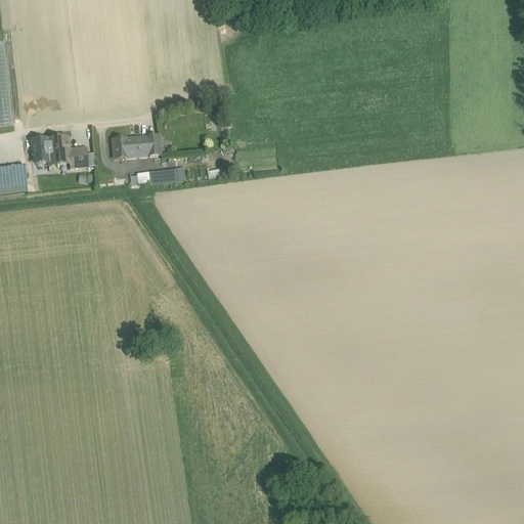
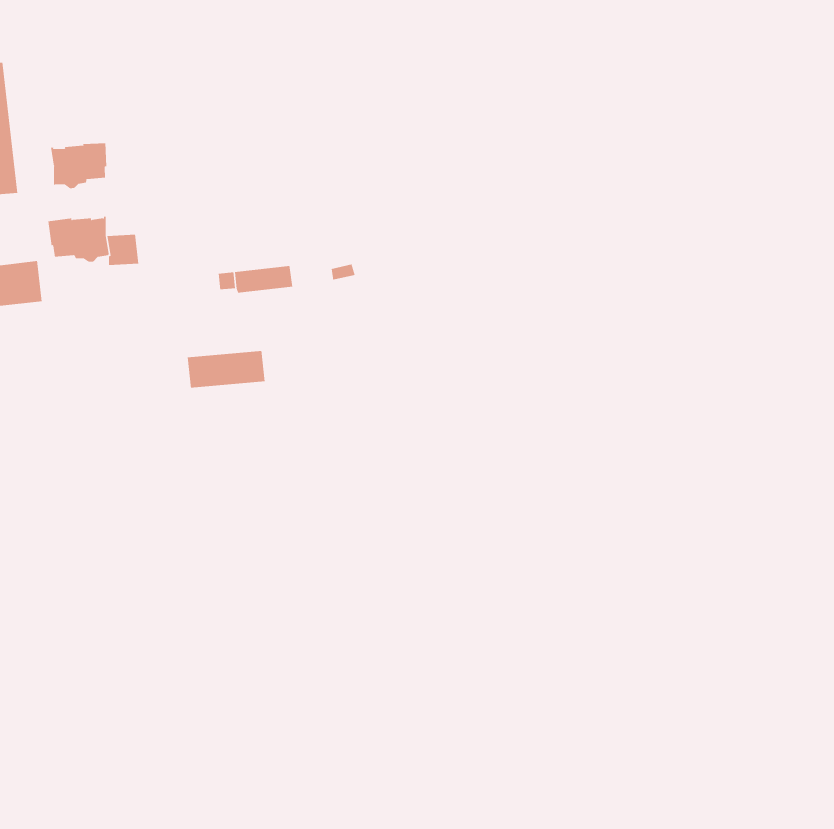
building: none -> [50,143,107,189]
building: [111,133,160,157] -> [187,350,266,388]

